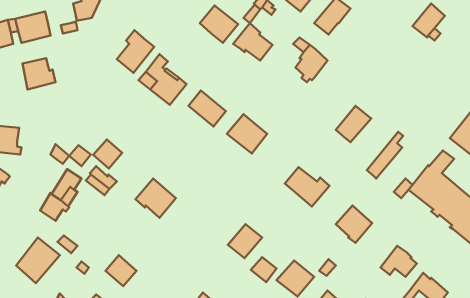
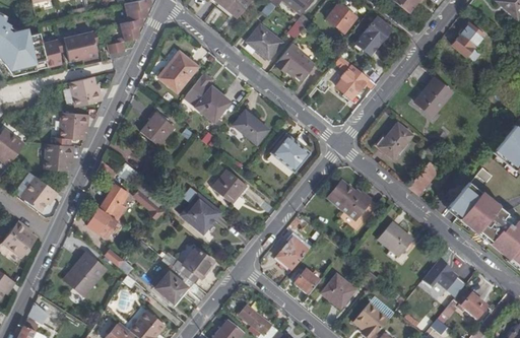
building: none -> [414,78,450,117]
building: none -> [57,111,87,138]
building: [93,139,122,168] -> [144,115,173,143]
building: none -> [211,166,247,201]
building: none -> [172,248,211,282]

